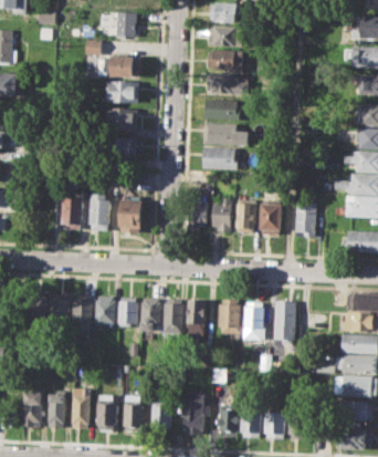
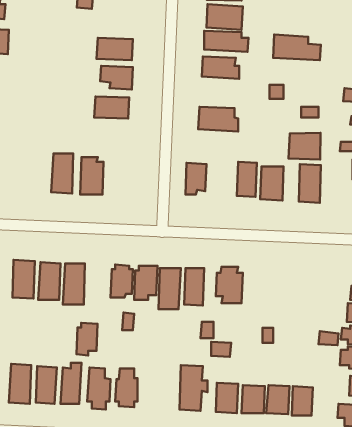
building: [97,55,139,77] -> none
building: [202,122,248,146] -> [273,34,321,60]
building: none -> [289,133,320,159]
building: [119,197,141,232] -> none
building: [212,197,232,232] -> none
building: [95,295,115,326] -> [76,323,98,355]
building: [273,301,296,344] -> none
building: [243,302,266,341] -> none
building: [151,402,170,433] -> none

